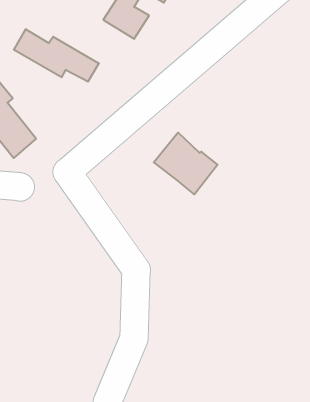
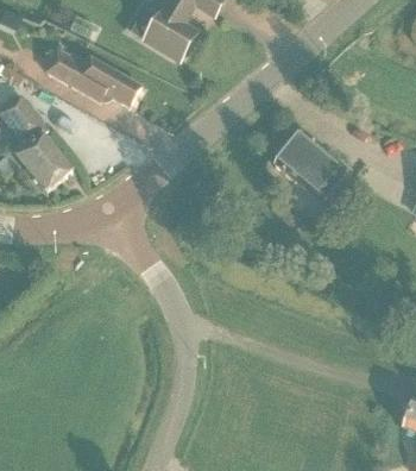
building: [154,133,218,194] -> [272,131,343,200]

